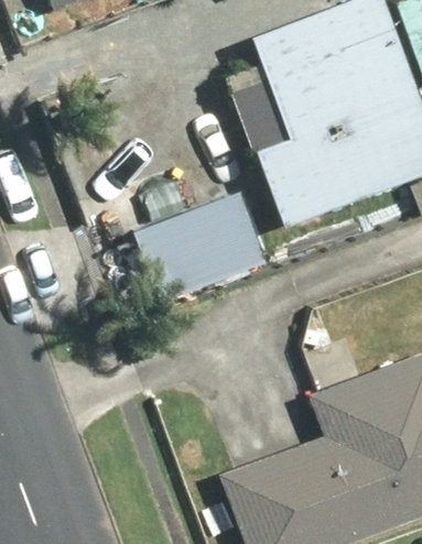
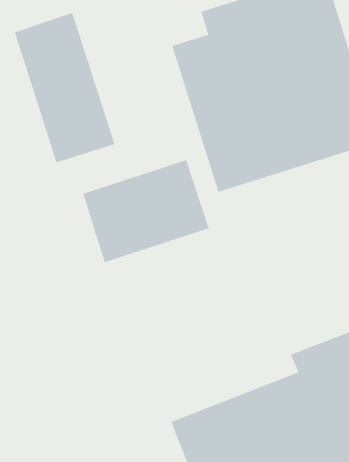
building: none -> [14,12,115,163]

